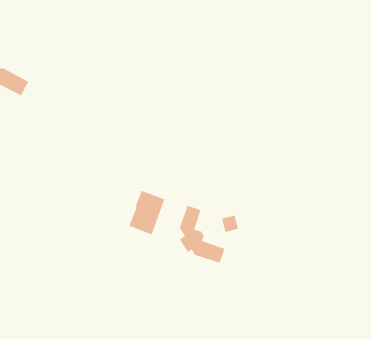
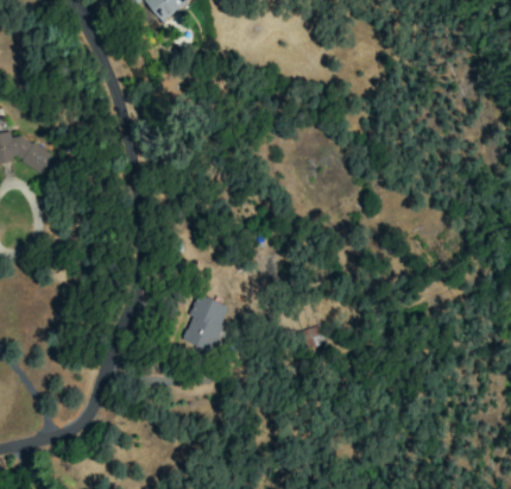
building: [179,205,225,263] -> none

